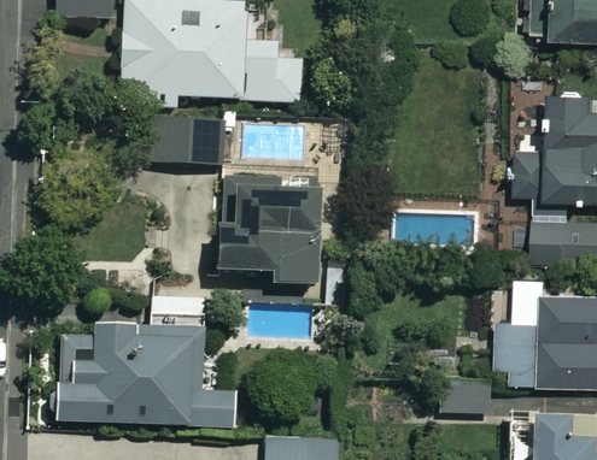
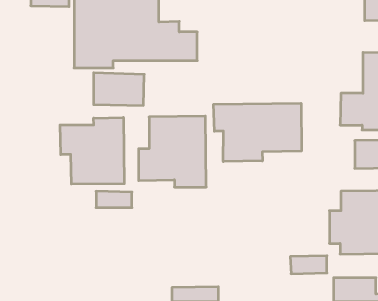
building: none -> [214,103,301,162]
building: none -> [60,117,124,184]
building: [53,329,238,427] -> none

